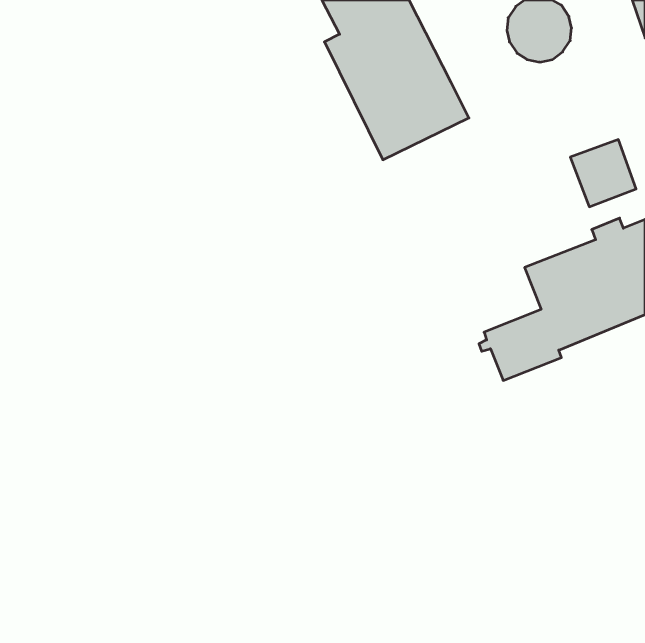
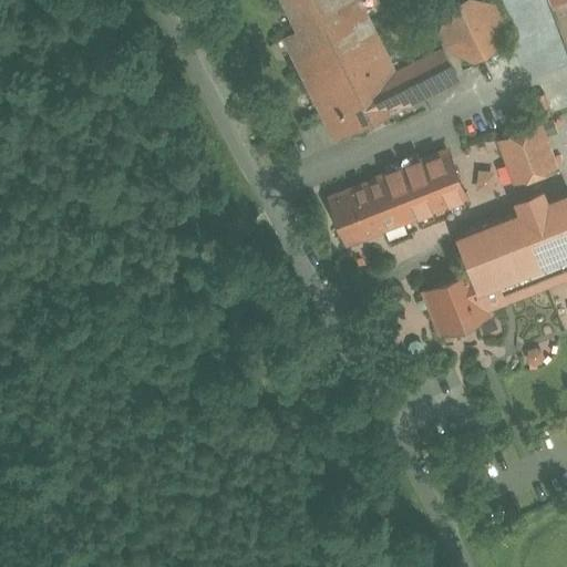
building: none -> [394,56,450,107]
building: none -> [330,152,465,245]

